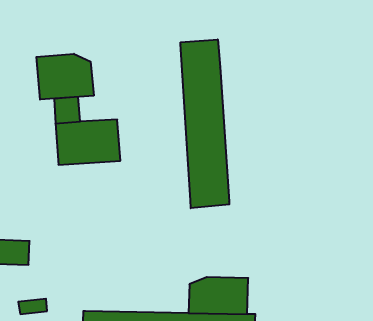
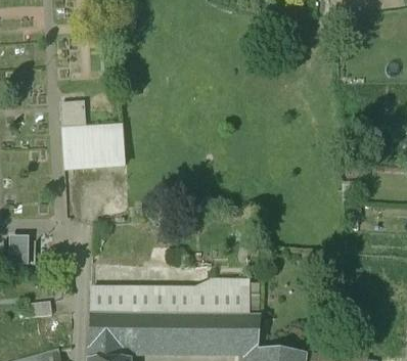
building: [181,39,229,208] -> none
building: [36,54,94,100] -> none
building: none -> [90,283,192,315]

